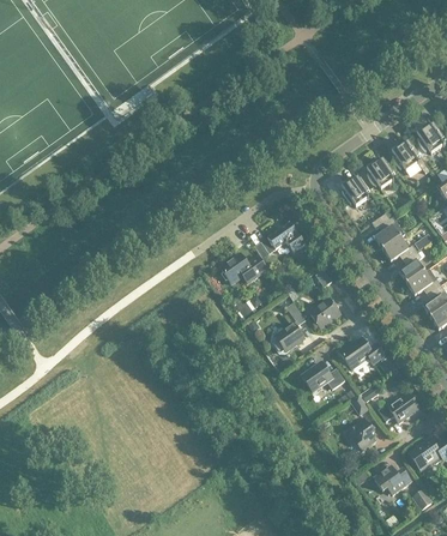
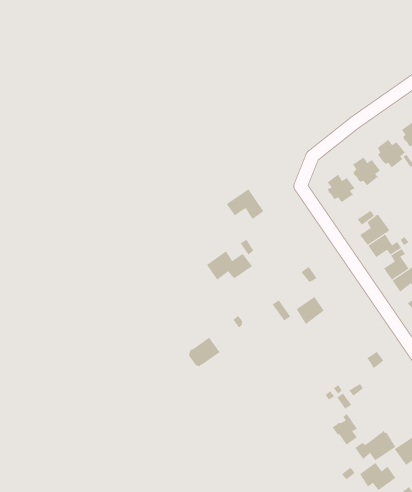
building: [266,219,304,251] -> [226,189,264,220]
building: [271,321,303,351] -> [188,337,220,367]
building: [337,335,383,367] -> none
building: [301,360,344,389] -> none
building: [376,390,418,421] -> [354,430,396,461]

